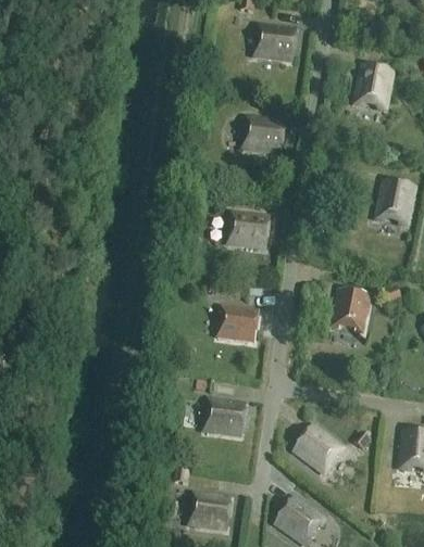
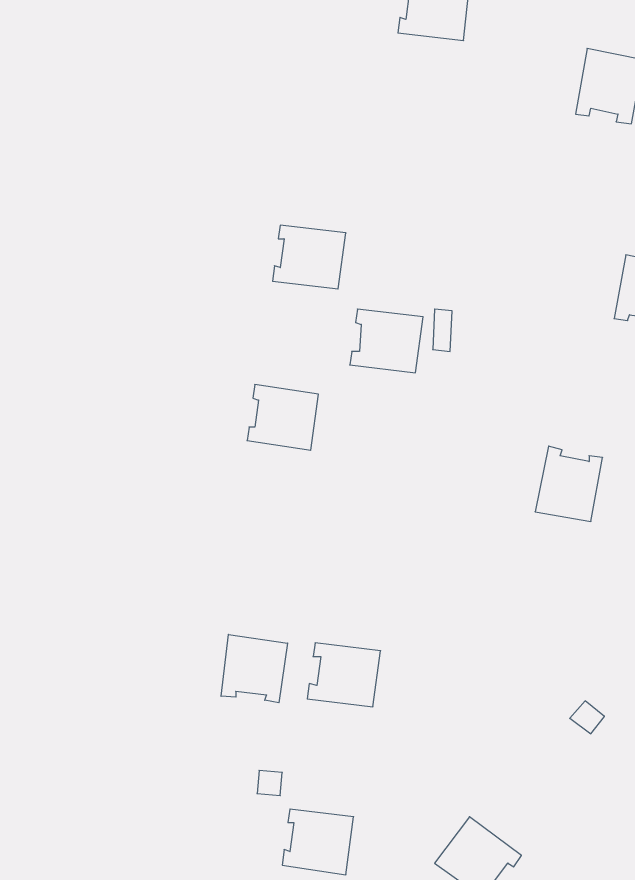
building: [242,117,284,153] -> [273,225,346,289]
building: [217,305,258,342] -> [247,385,318,450]
building: none -> [221,634,288,703]
building: [295,425,342,473] -> none

